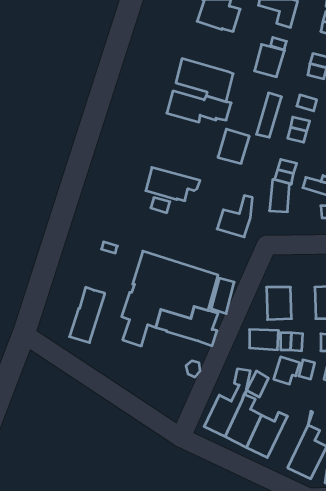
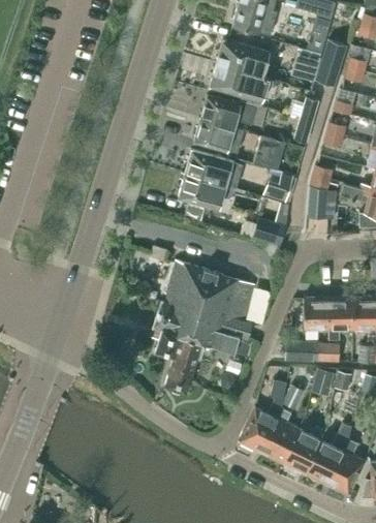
building: none -> [216,38,271,75]
building: none -> [315,40,346,87]
building: none -> [193,118,244,154]
building: none -> [185,150,241,187]
building: none -> [262,170,291,201]
building: [69,287,105,343] -> [164,335,200,392]
building: none -> [327,297,353,329]
building: none -> [304,421,348,482]

